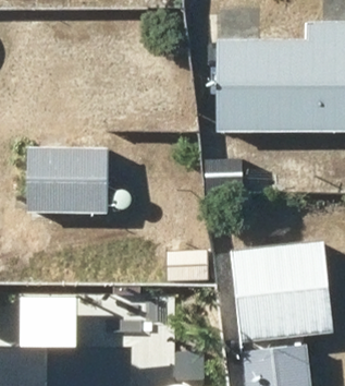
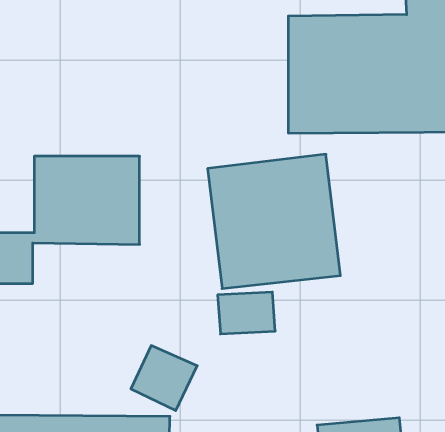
building: [230,241,330,342] -> [208,154,340,289]

